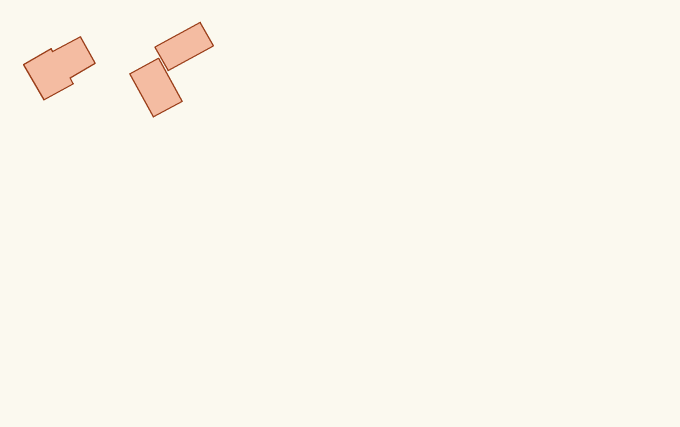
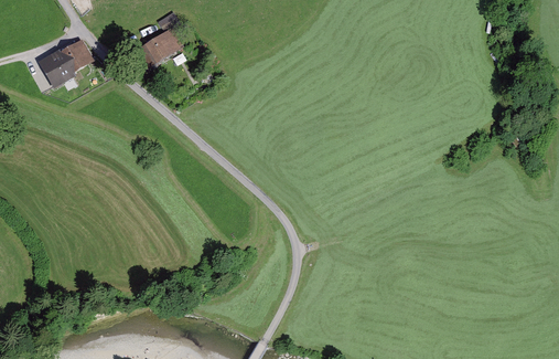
building: [130,58,182,117] -> none

